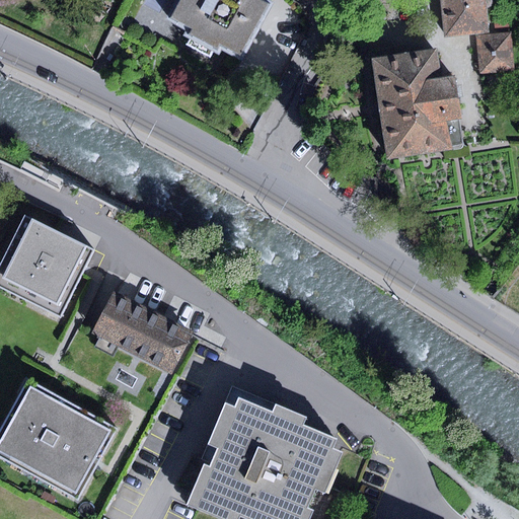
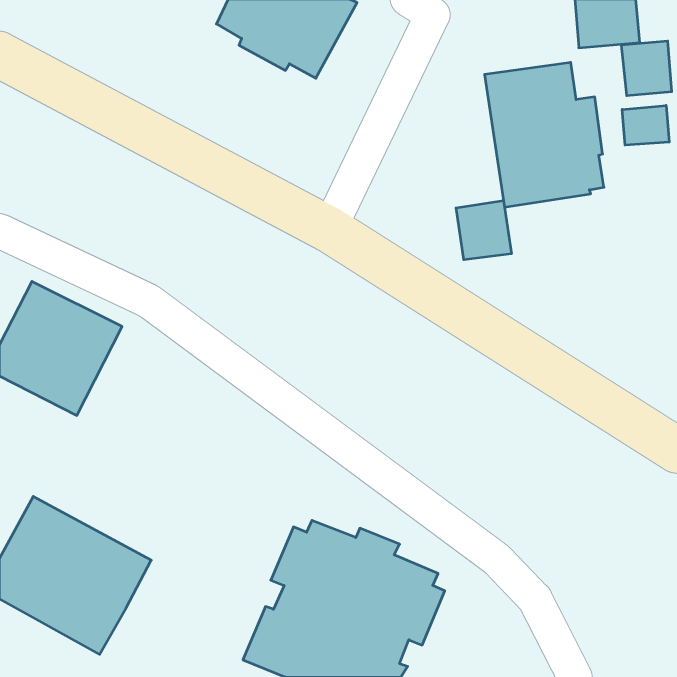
building: none -> [622,105,669,145]
building: none -> [456,200,511,260]
building: [91,291,192,373] -> none

